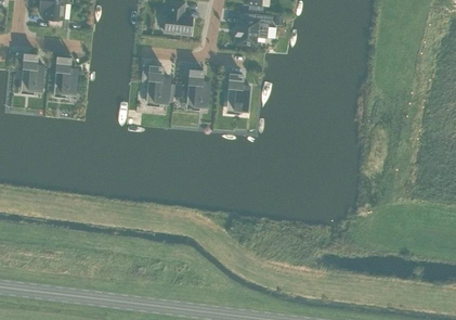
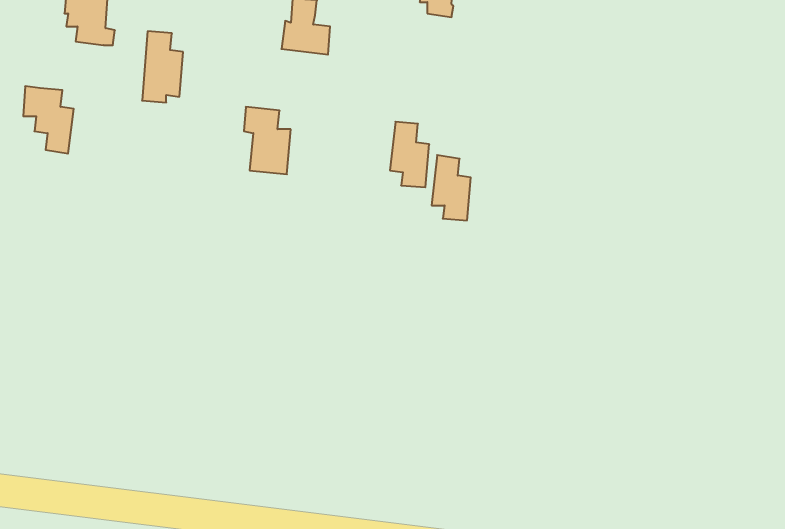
building: [234,13,273,46] -> none
building: [53,56,77,98] -> [142,31,183,102]
building: [186,68,209,106] -> [432,155,471,220]

